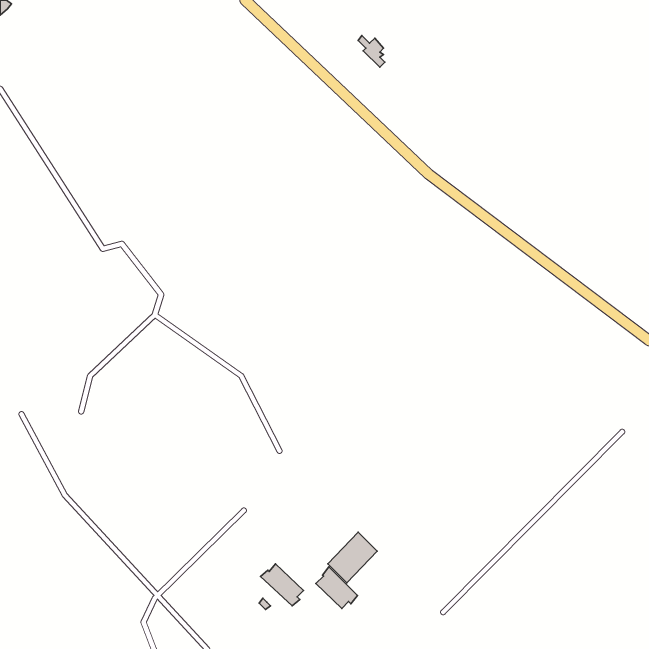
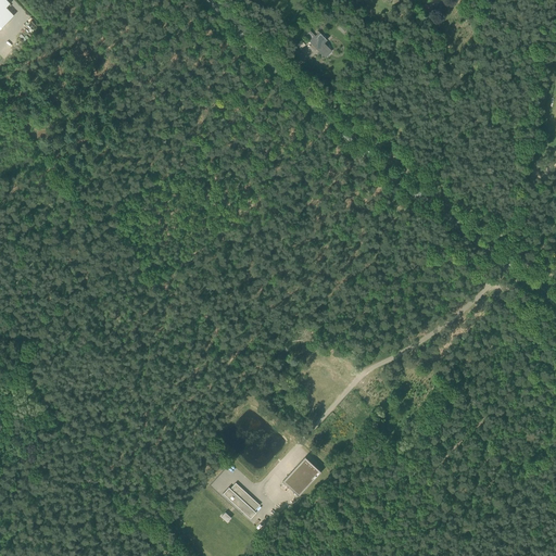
building: [316,567,357,608] -> none

